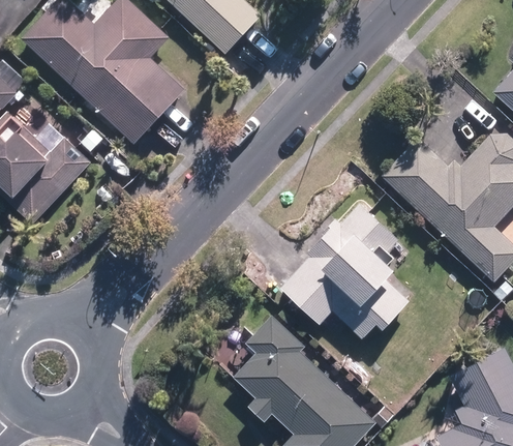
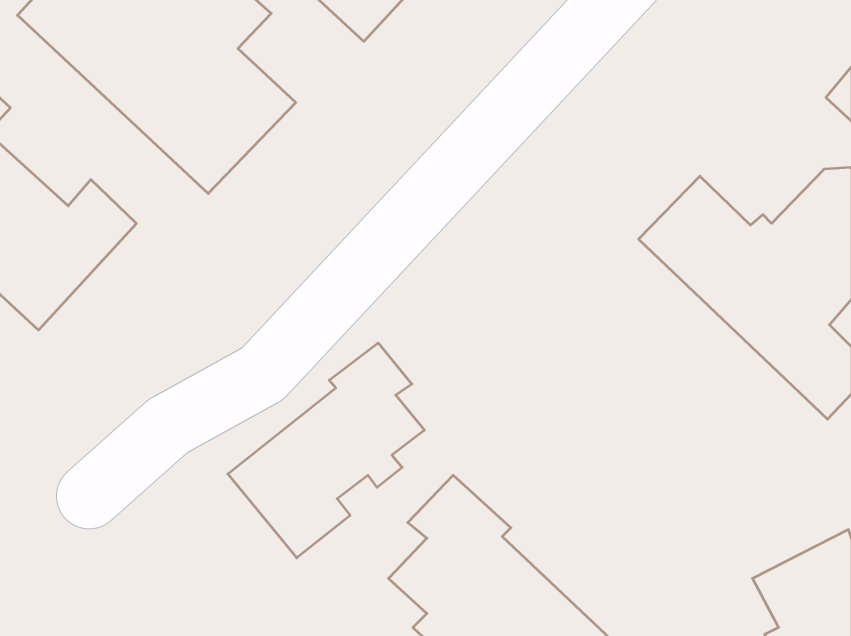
building: [284,203,414,337] -> none
building: none -> [228,343,424,558]

